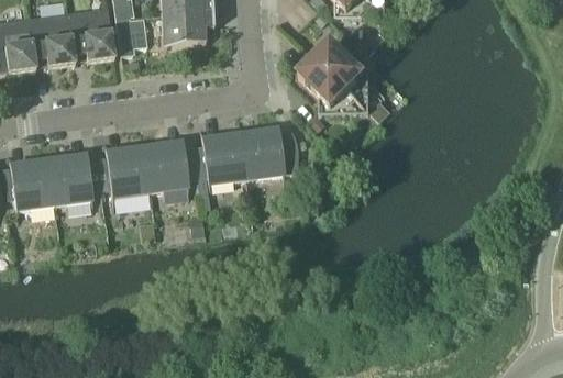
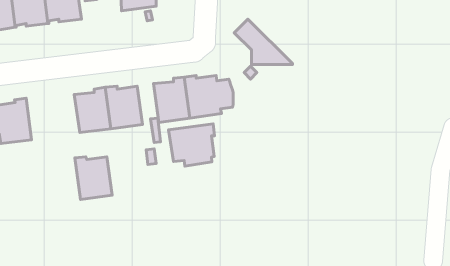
building: [316,43,369,112] -> none
building: [47,153,92,204] -> [75,157,112,200]
building: none -> [169,124,215,166]

